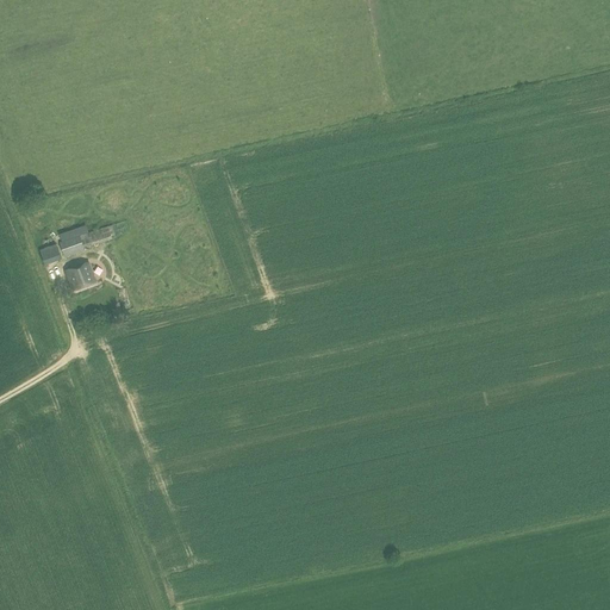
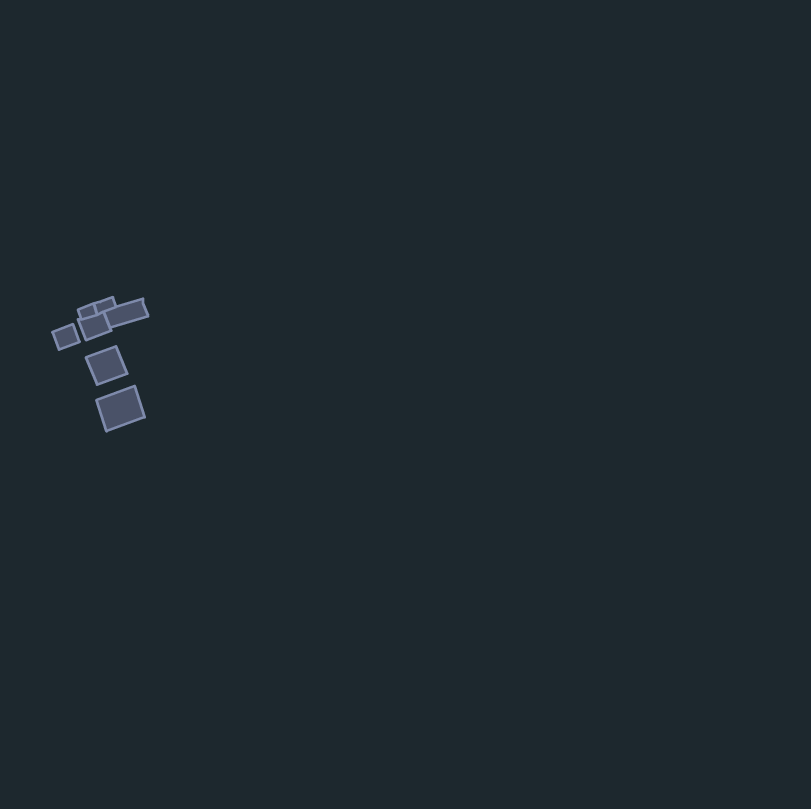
building: none -> [97,386,145,431]

